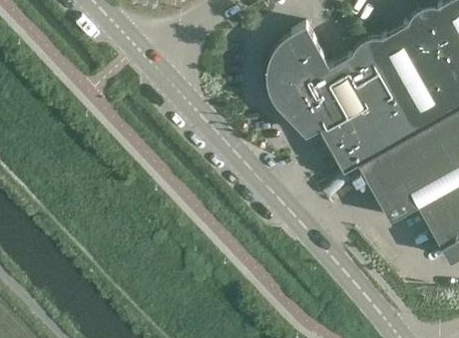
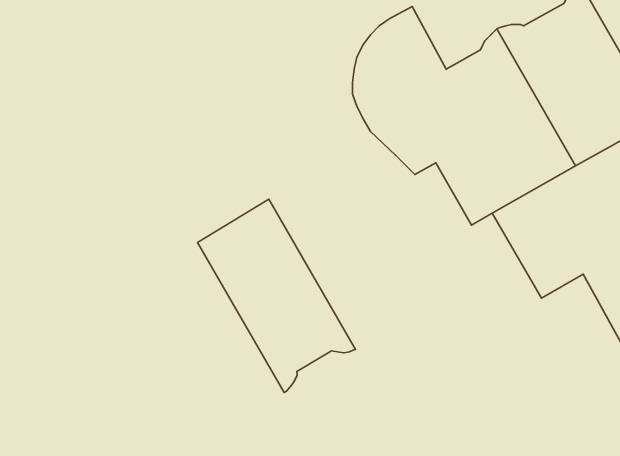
building: none -> [198,199,356,393]

